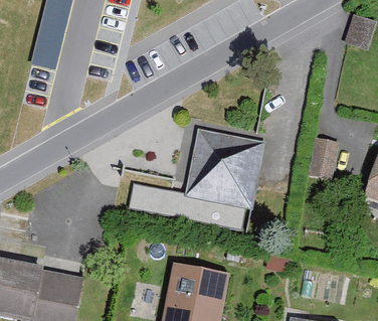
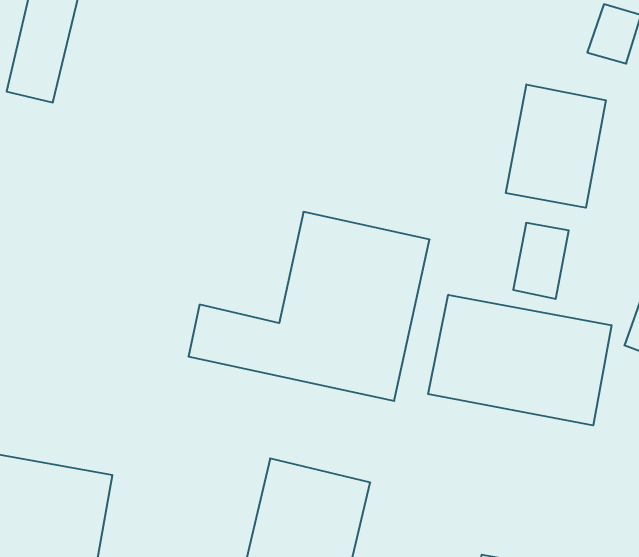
building: none -> [506,84,606,208]
building: none -> [428,295,611,425]

